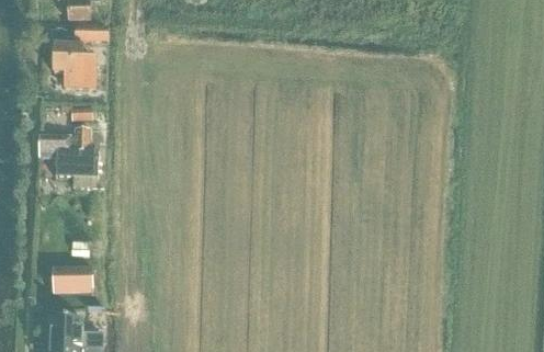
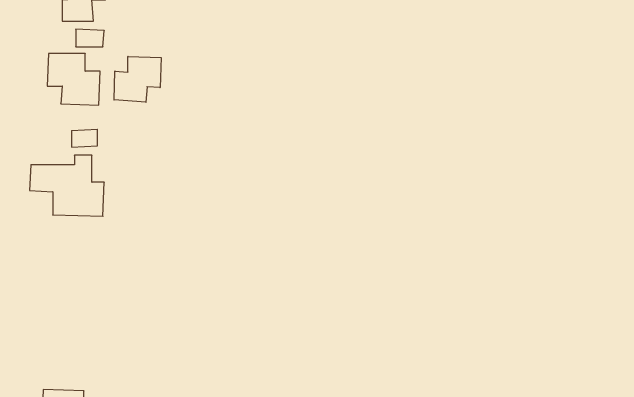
building: none -> [114,56,161,102]
building: [53,266,94,293] -> none

